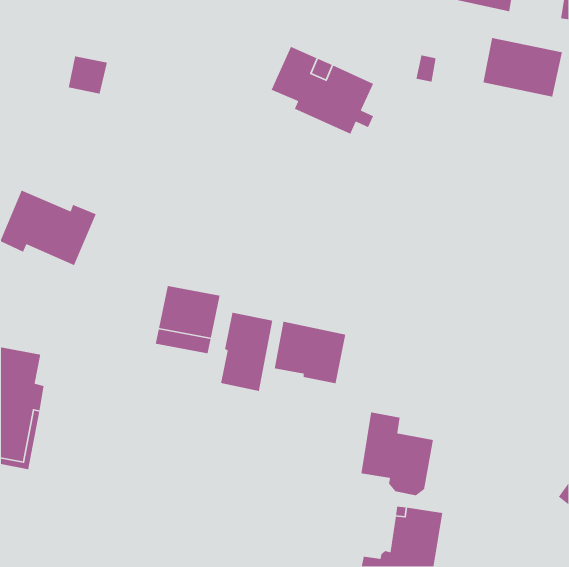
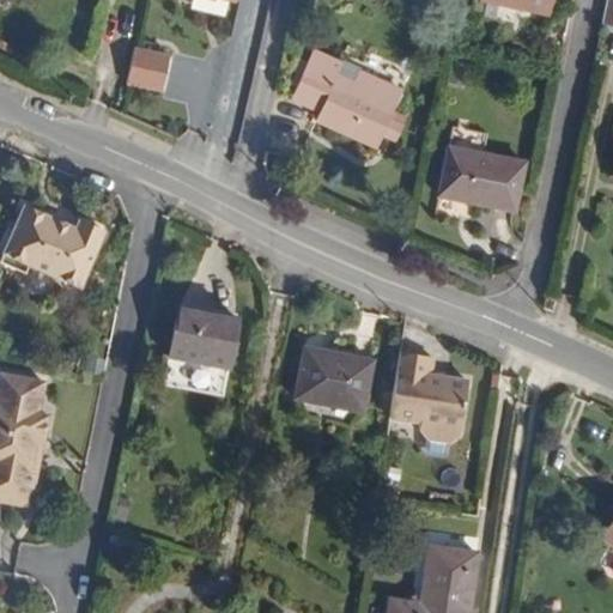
building: [483,37,563,97] -> [438,145,524,210]
building: [68,56,108,95] -> [126,48,169,90]
building: [220,312,273,392] -> none
building: [360,412,434,496] -> [389,350,468,441]

